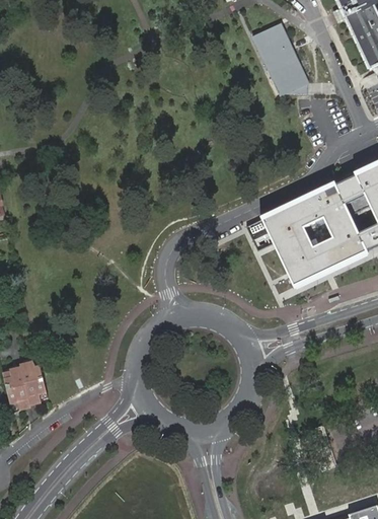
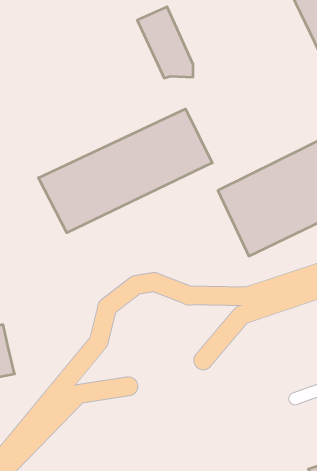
building: [250,22,309,97] -> [137,7,193,78]
building: none -> [38,109,212,233]

